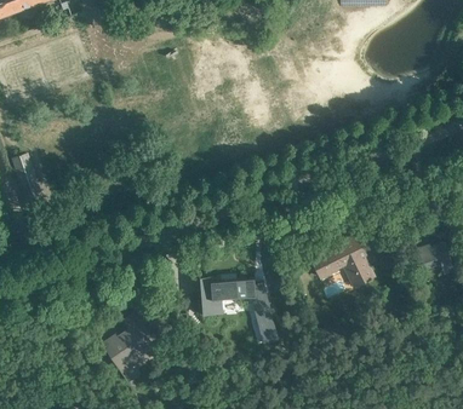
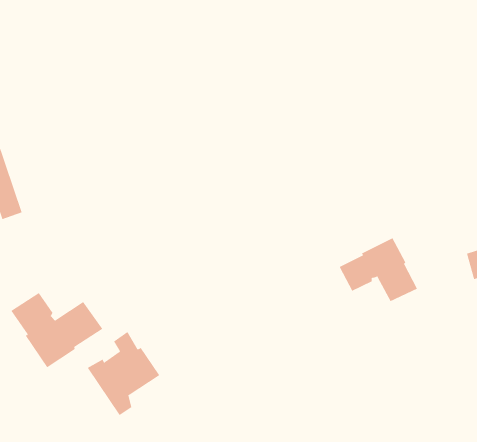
building: [199,276,278,344] -> none
building: none -> [11,292,103,368]

